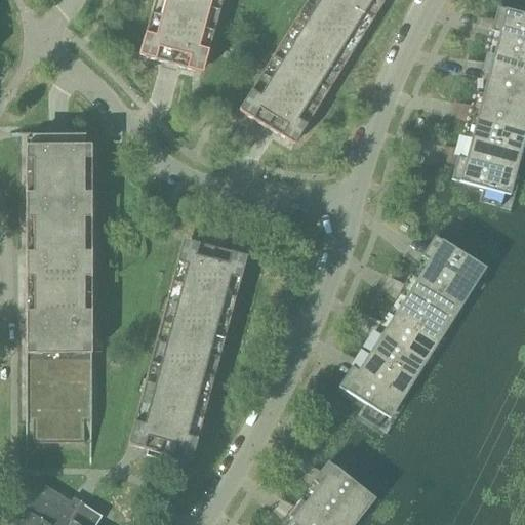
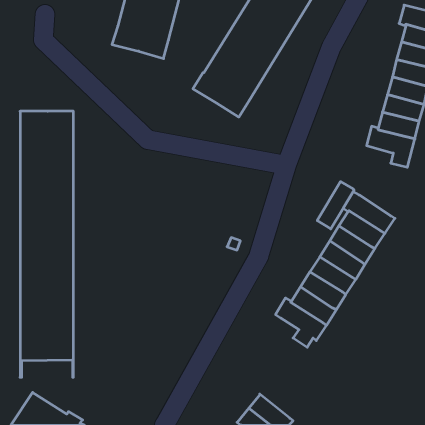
building: none -> [317,182,354,229]
building: [129,239,245,459] -> none
building: [314,460,376,516] -> none

